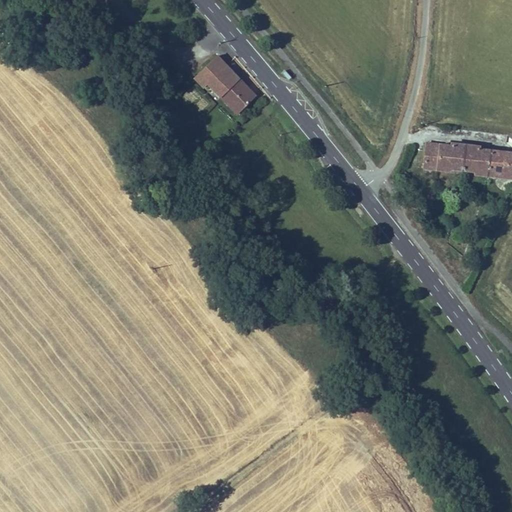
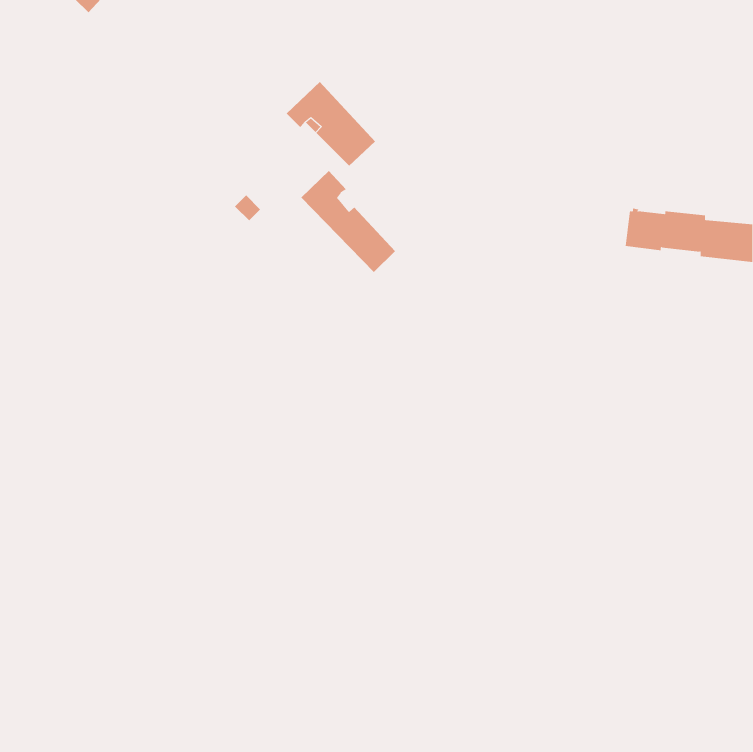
building: none -> [300,170,396,273]

